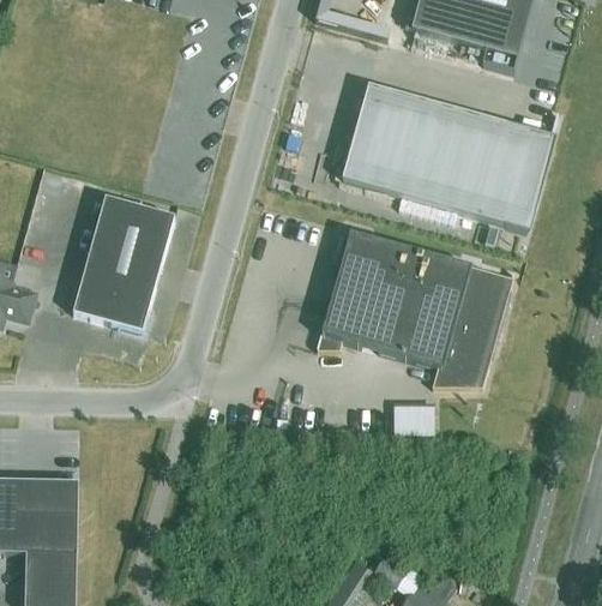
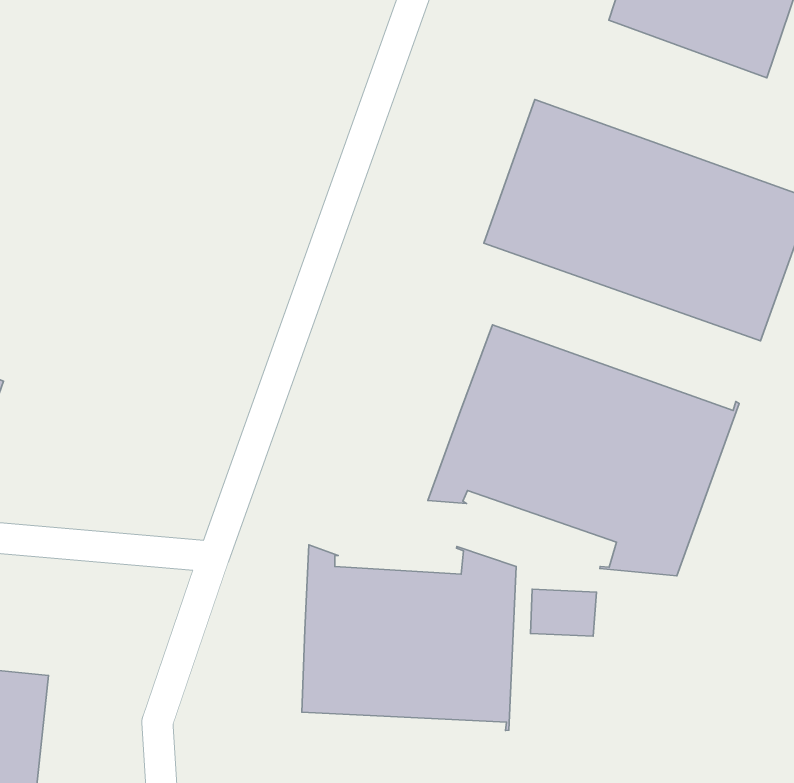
building: [73,196,174,331] -> none
building: none -> [302,545,516,731]

